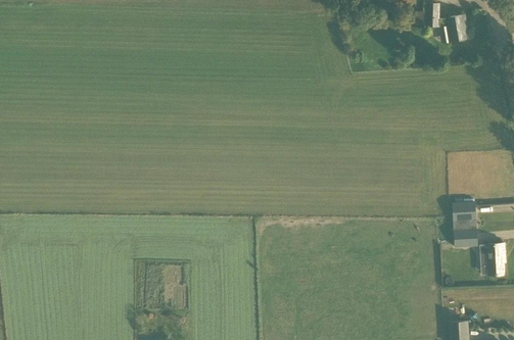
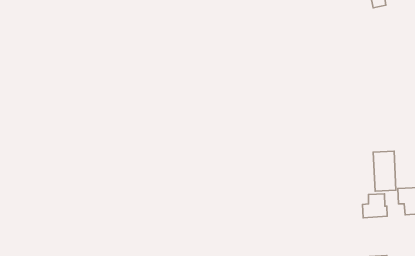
building: none -> [363,194,387,218]

